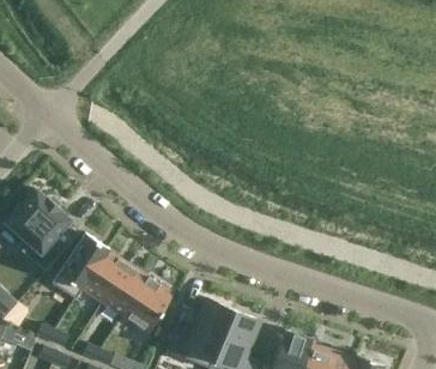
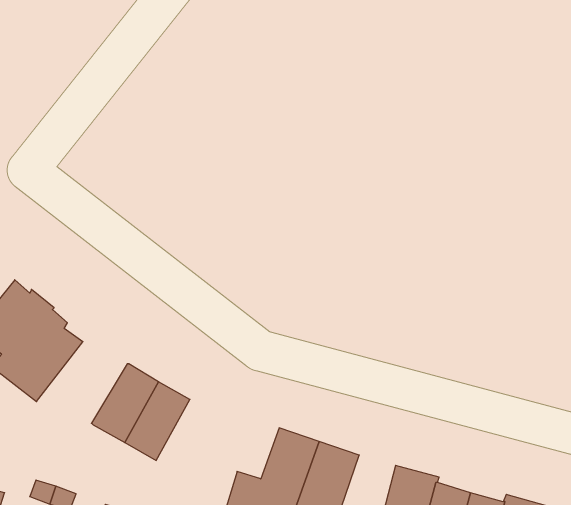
building: [53,234,109,300] -> none
building: [123,277,174,333] -> none

